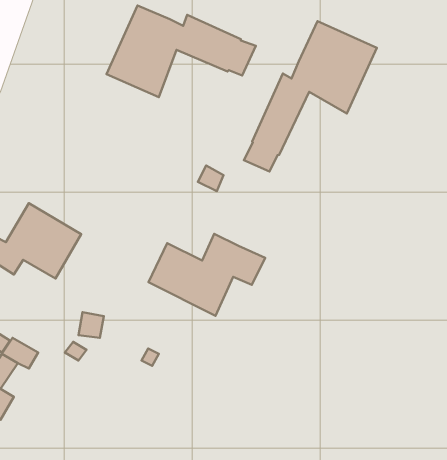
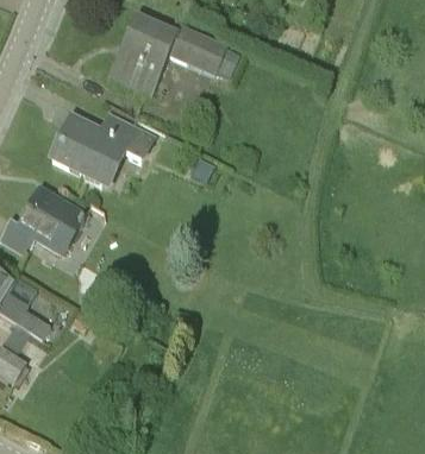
building: [244,21,377,172] -> none
building: [148,234,265,316] -> [50,114,154,187]

